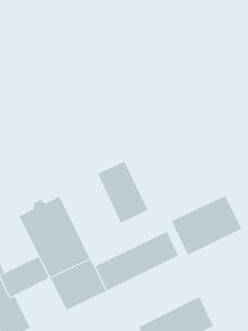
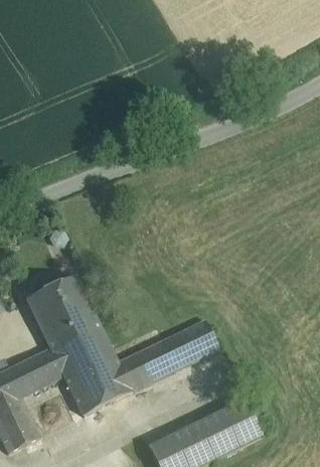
building: [97,161,149,224] -> none
building: [171,195,242,255] -> none

